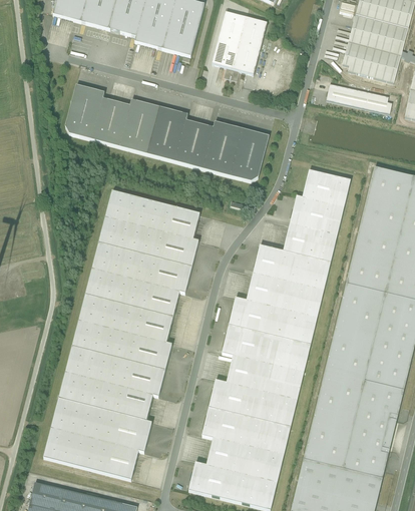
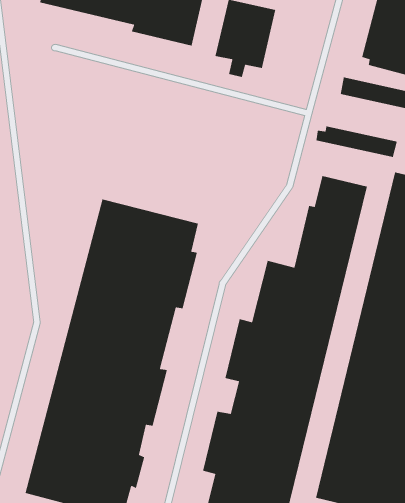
building: [63,84,267,180] -> none
building: none -> [316,125,398,158]

